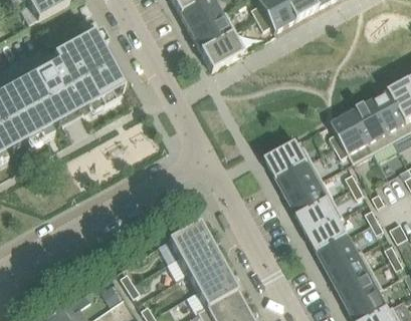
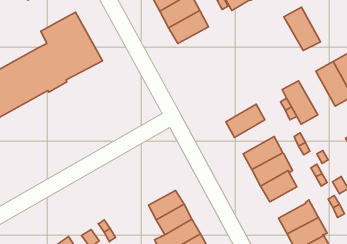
building: [351,101,393,151] -> [284,7,320,51]
building: [276,157,323,197] -> none
building: [168,222,208,256] -> none
building: [318,235,359,271] -> none

